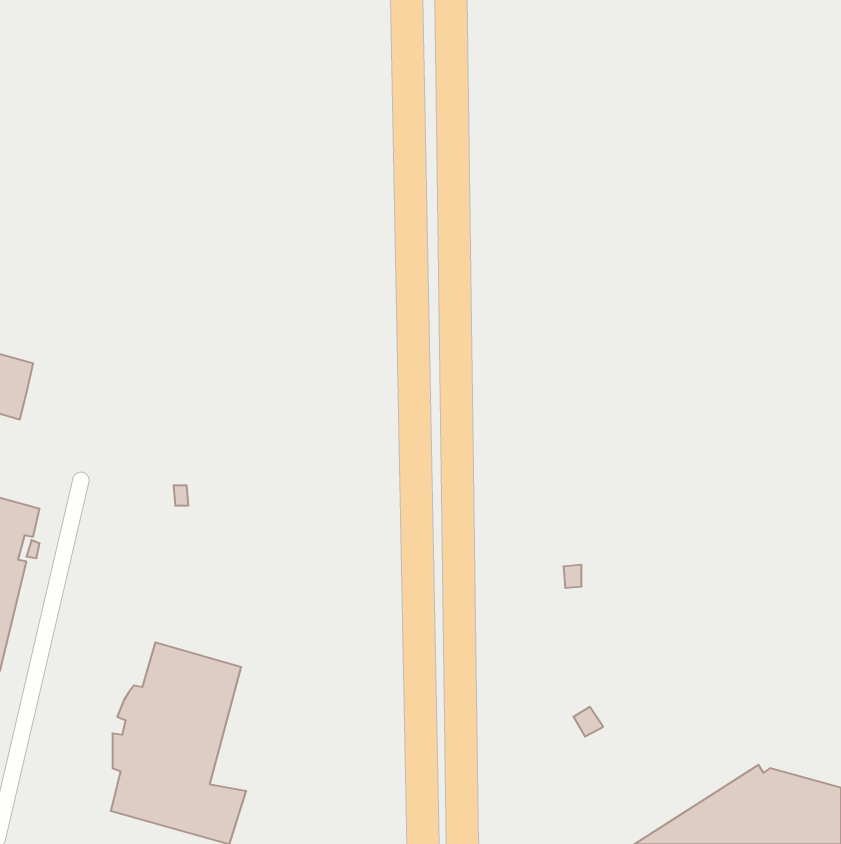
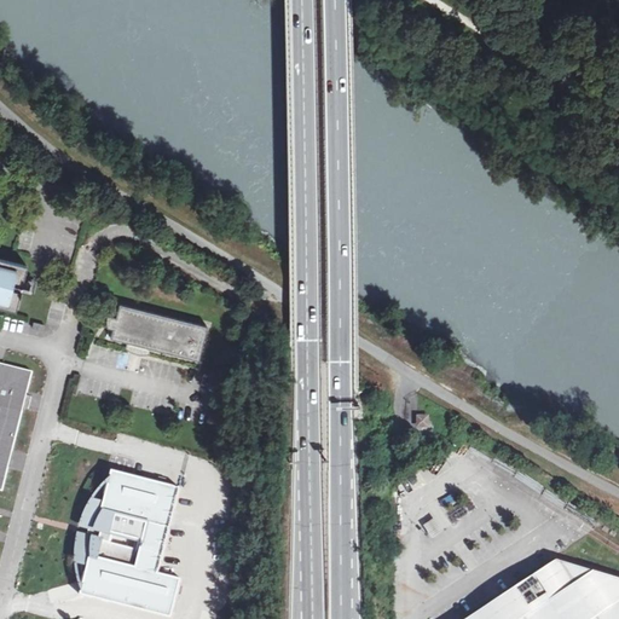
building: none -> [108,305,206,361]

